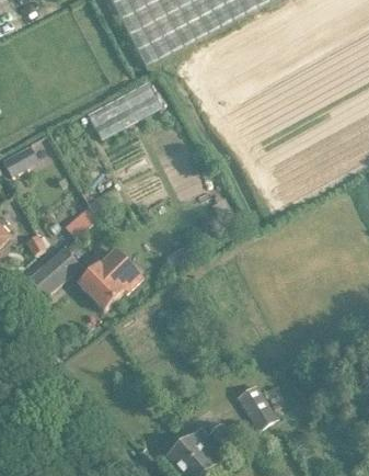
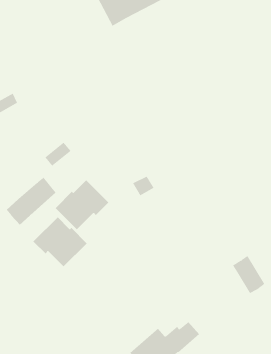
building: [90,84,161,129] -> none
building: none -> [33,216,88,267]
building: [237,383,276,429] -> [232,255,265,294]

